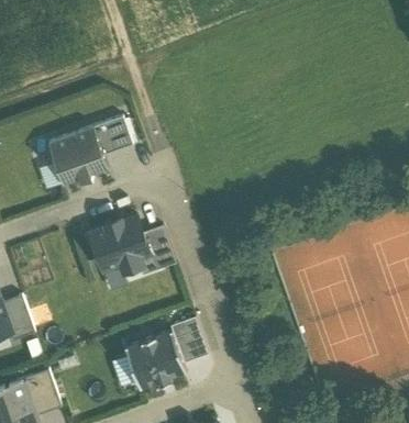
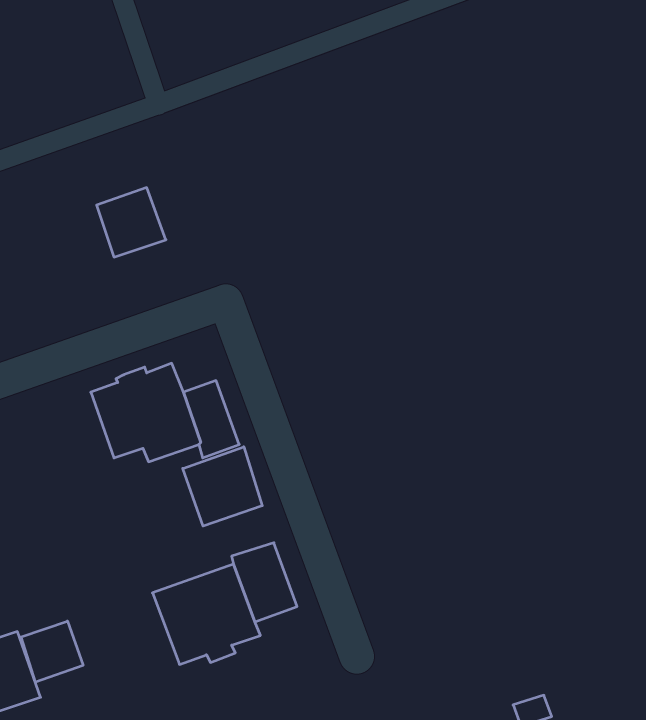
building: [47,127,107,186] -> none
building: none -> [183,447,262,526]
building: none -> [21,621,83,682]

